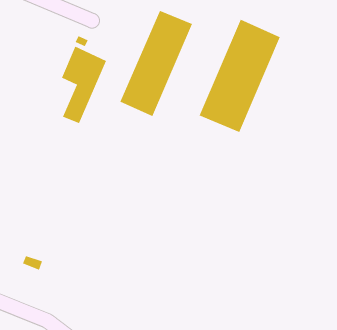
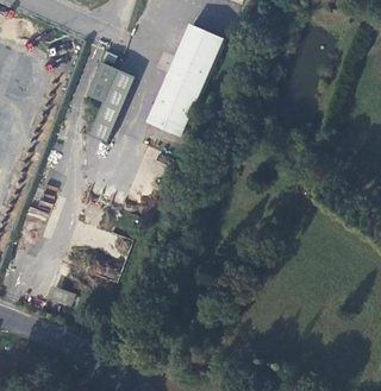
building: [199,19,280,133] -> none

